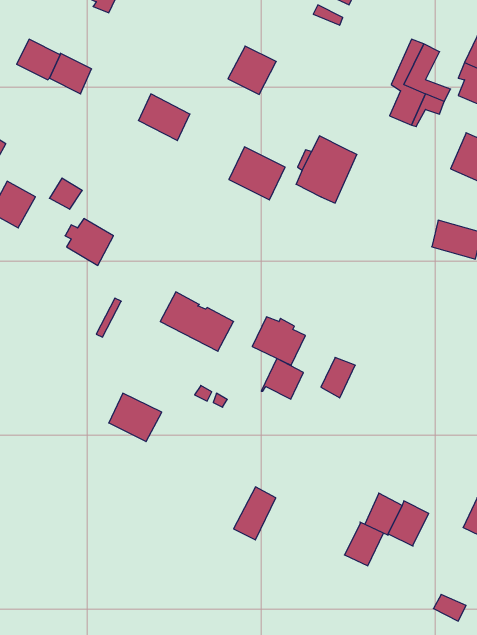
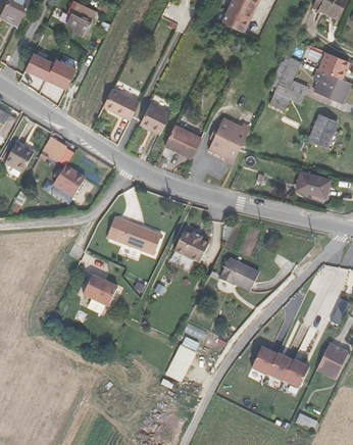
building: [228,46,276,94] -> [139,101,170,133]
building: [261,359,303,399] -> [236,265,263,292]
building: [344,522,383,566] -> [284,361,309,390]

